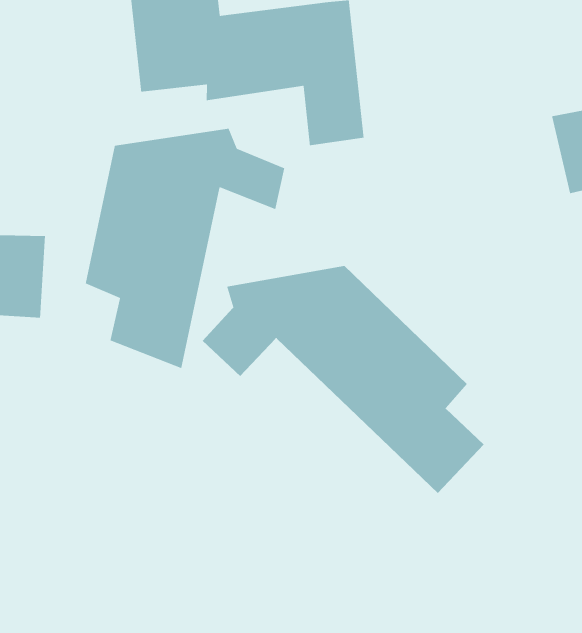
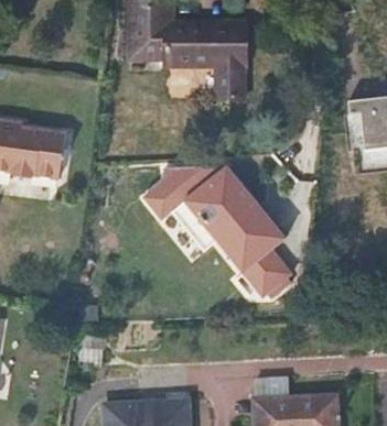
building: [85,128,285,369] -> none

